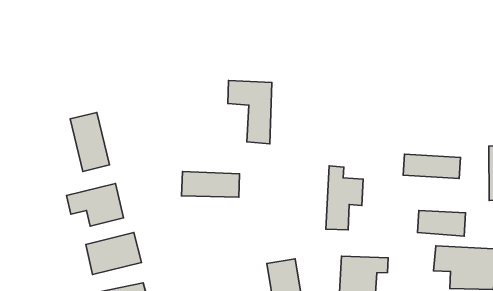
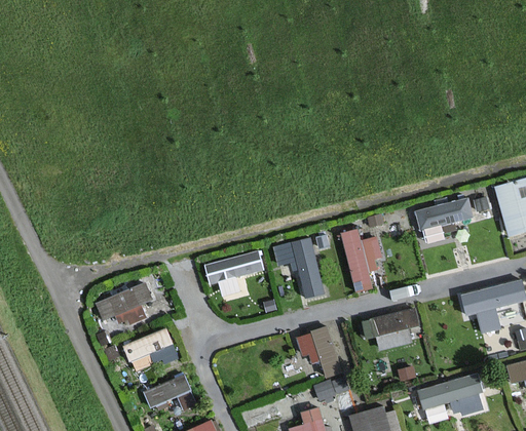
building: [228,80,272,144] -> [275,238,326,300]
building: [70,112,110,171] -> none
building: [417,210,466,236] -> none

